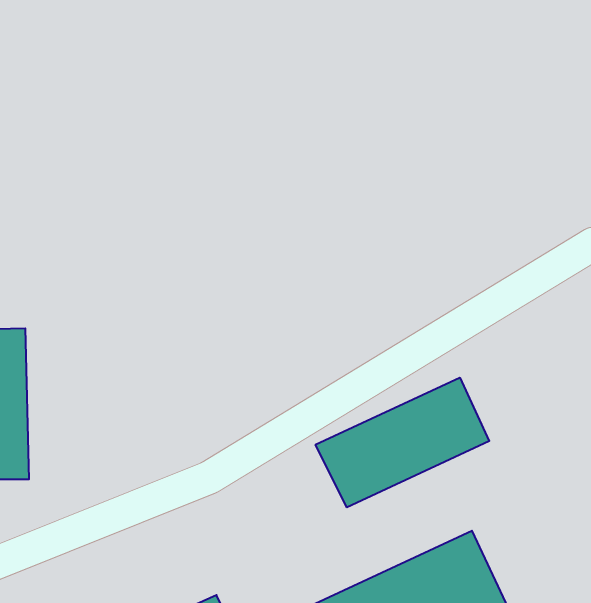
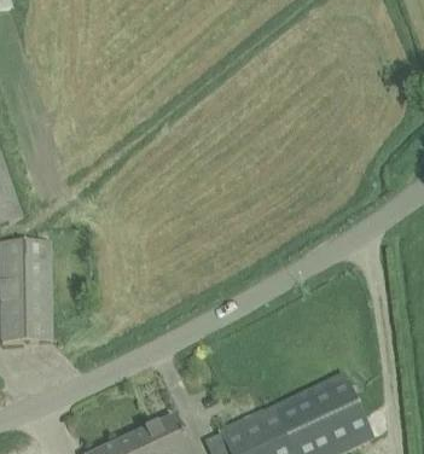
building: [316,378,489,507] -> none

